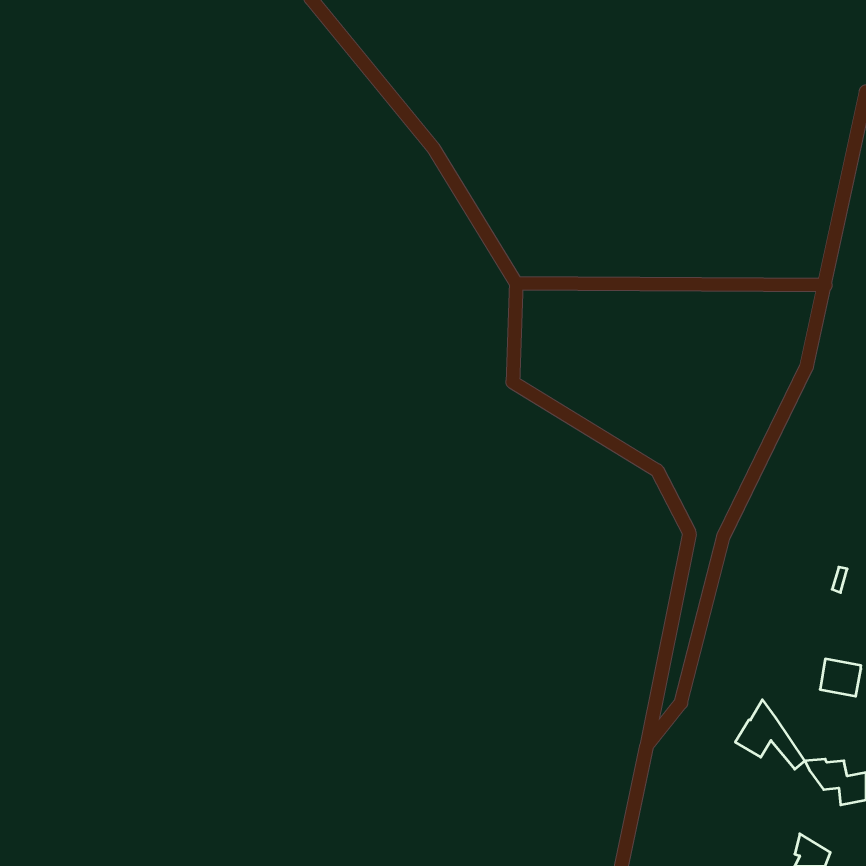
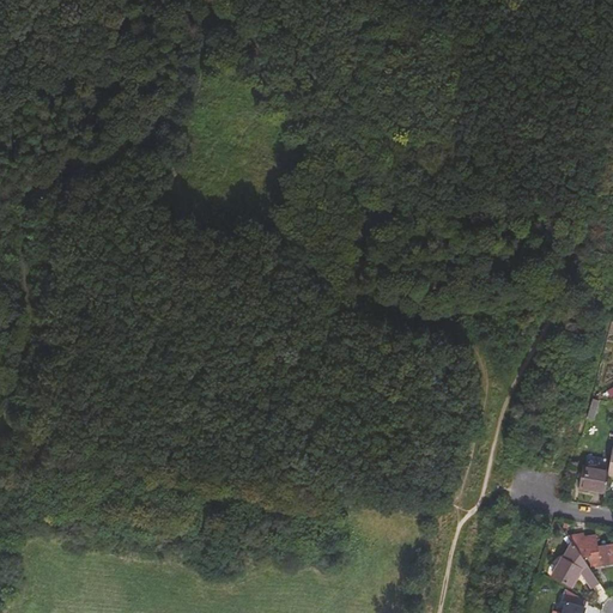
building: [735,700,805,769] -> [552,544,601,593]

